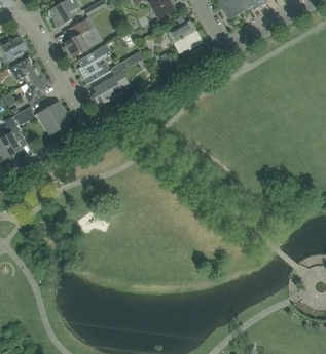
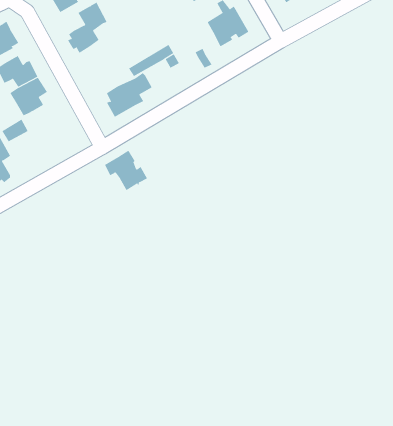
building: [77,45,111,84] -> none
building: [37,102,70,132] -> [104,150,148,191]

